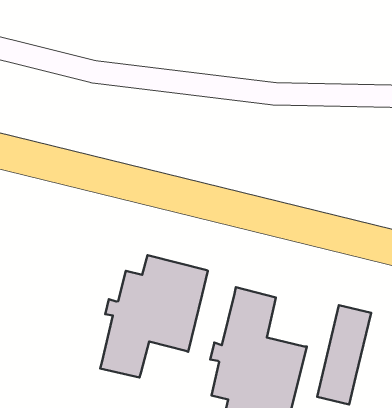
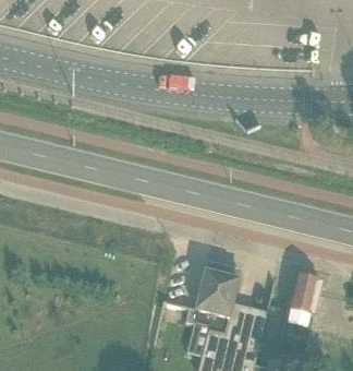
building: [100,255,208,378] -> none

